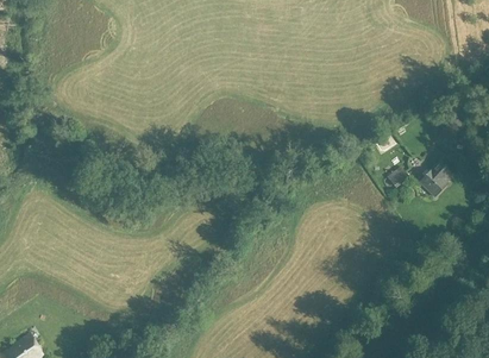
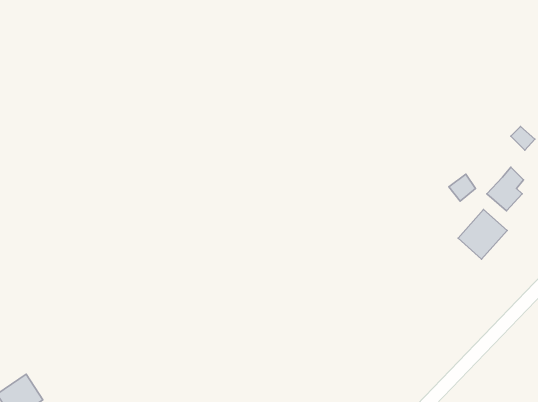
building: none -> [458,210,507,259]

